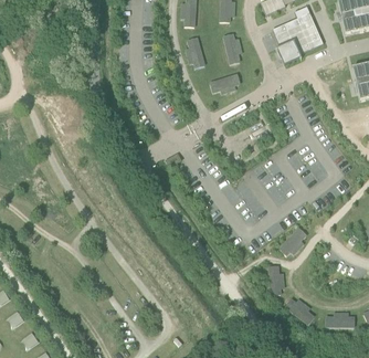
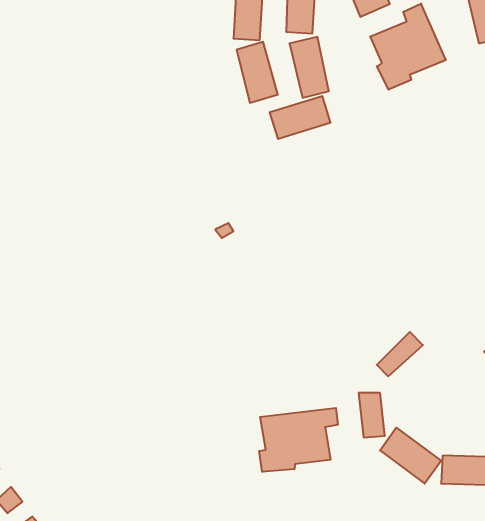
building: none -> [259,408,338,472]

